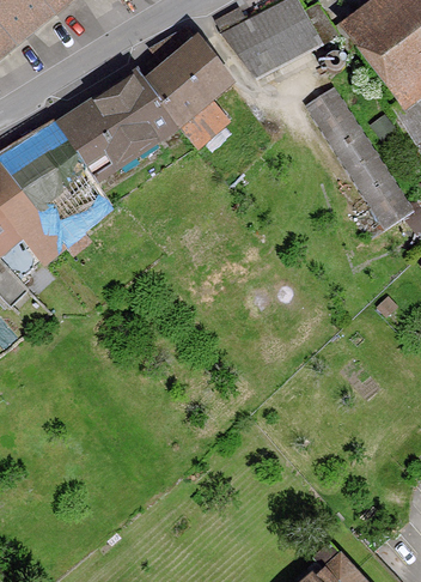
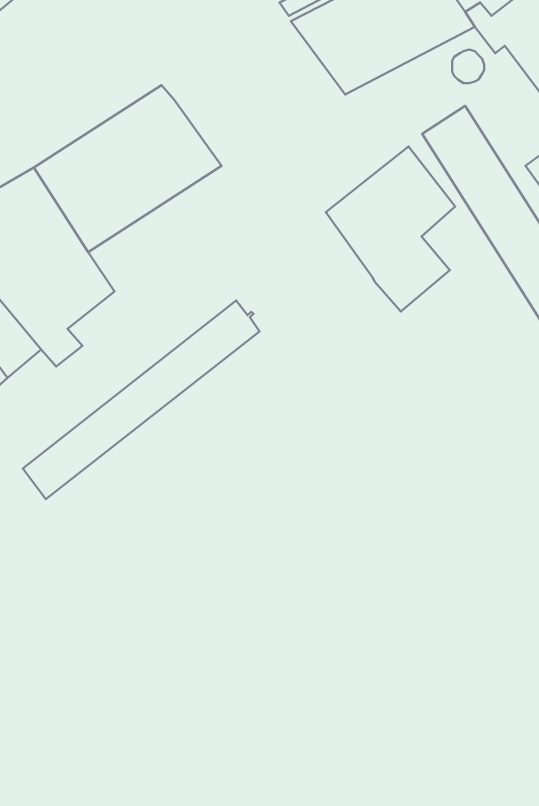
building: [148,40,231,145] -> [326,146,455,312]
building: none -> [23,301,259,499]

